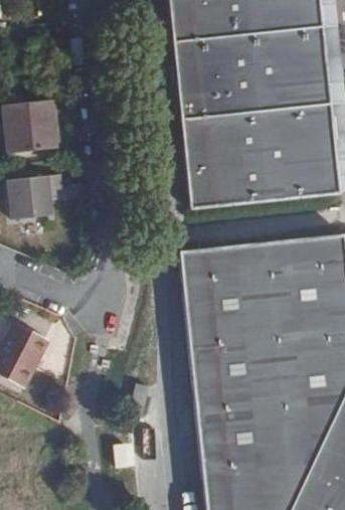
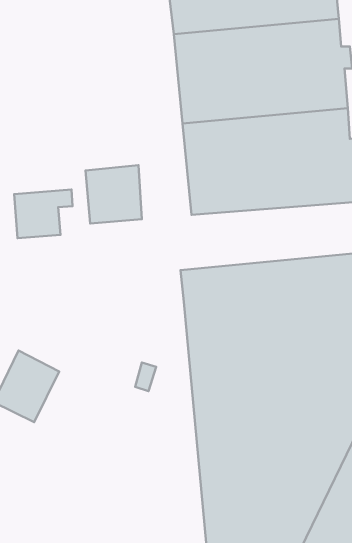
building: [17,100,68,153] -> [86,165,142,223]

